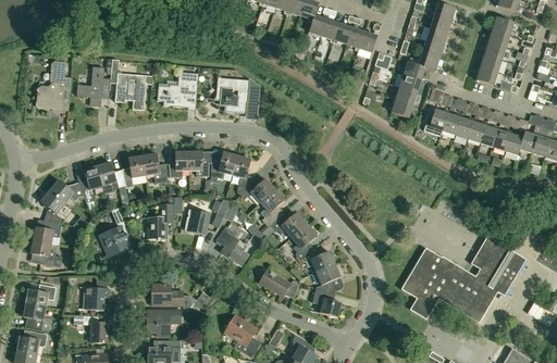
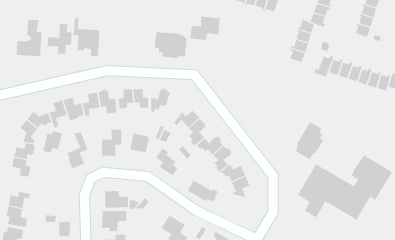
building: none -> [190,16,220,41]
building: [157,72,198,107] -> none
building: [232,155,252,195] -> none
building: none -> [296,121,324,160]
building: none -> [43,130,63,153]
building: [84,286,110,310] -> none
building: [312,287,342,316] -> none

